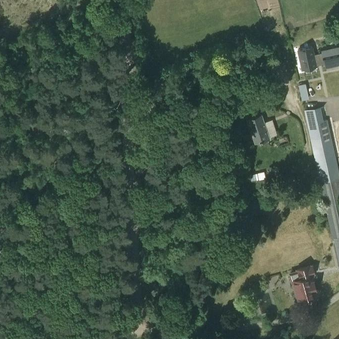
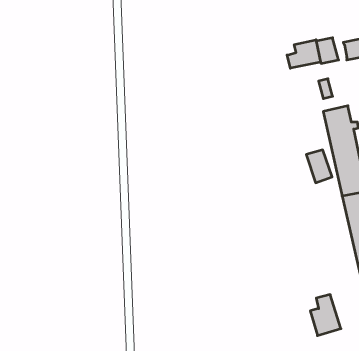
building: none -> [287,40,321,68]
building: [248,116,270,144] -> [306,150,332,183]

